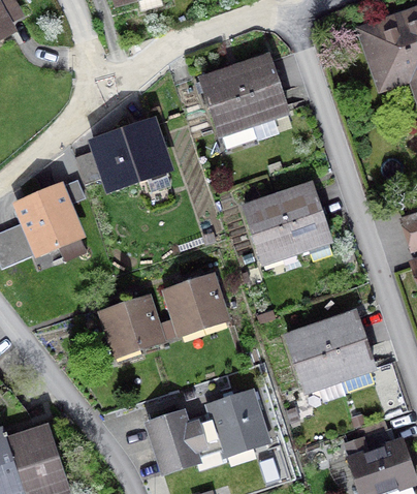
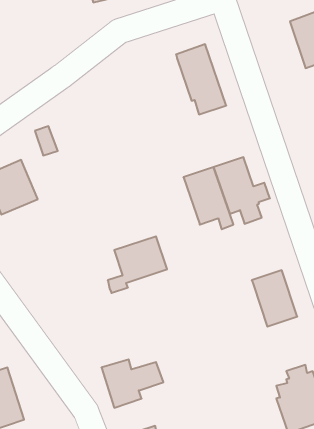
building: [196,67,257,146] -> none
building: [94,121,170,189] -> none
building: [101,296,162,362] -> none
building: [287,323,344,399] -> none
building: [209,391,265,449] -> none

